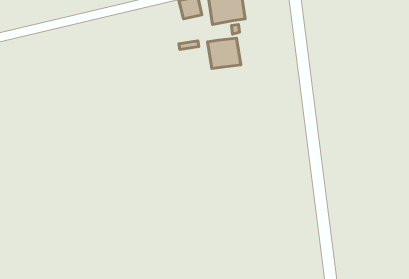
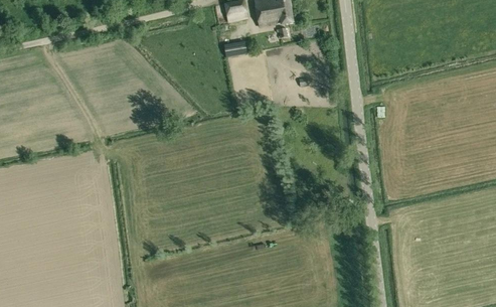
building: [207,38,241,68] -> none

